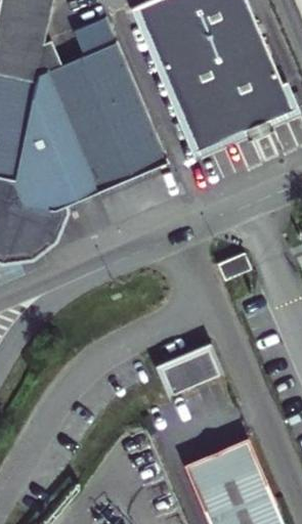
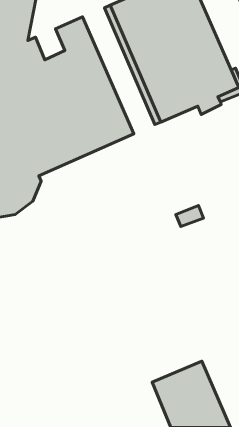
building: [165,349,222,394] -> none

